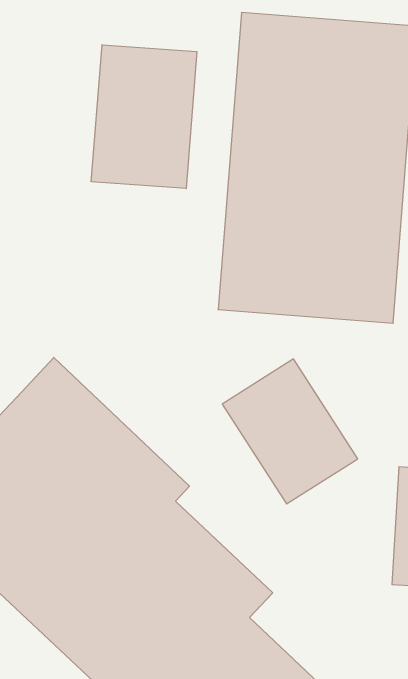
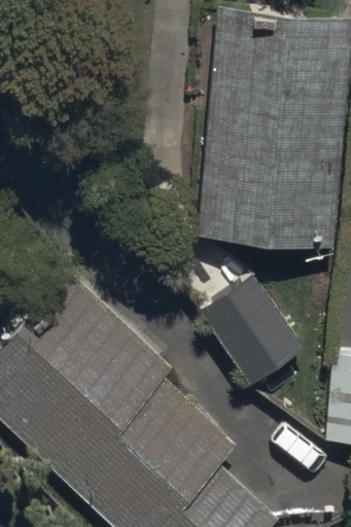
building: [91,45,197,189] -> none

